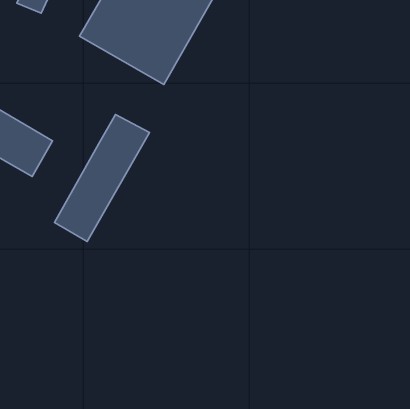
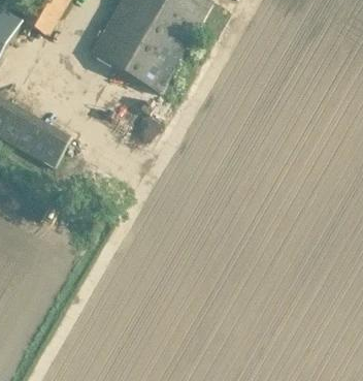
building: [54,115,149,241] -> none

